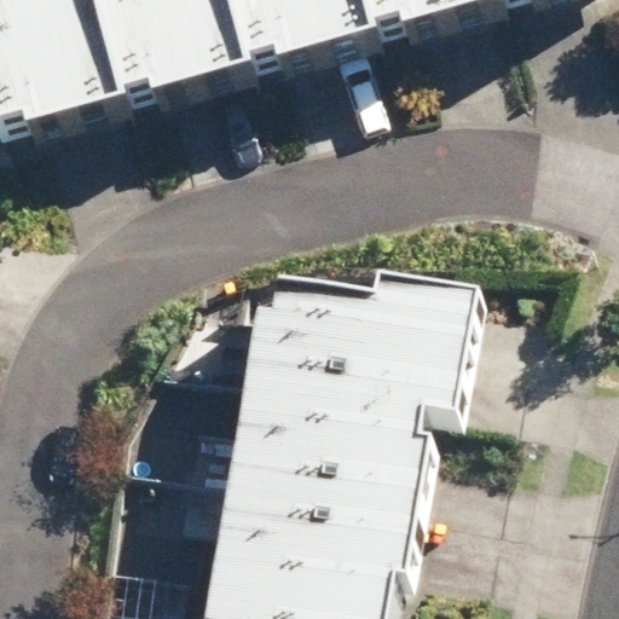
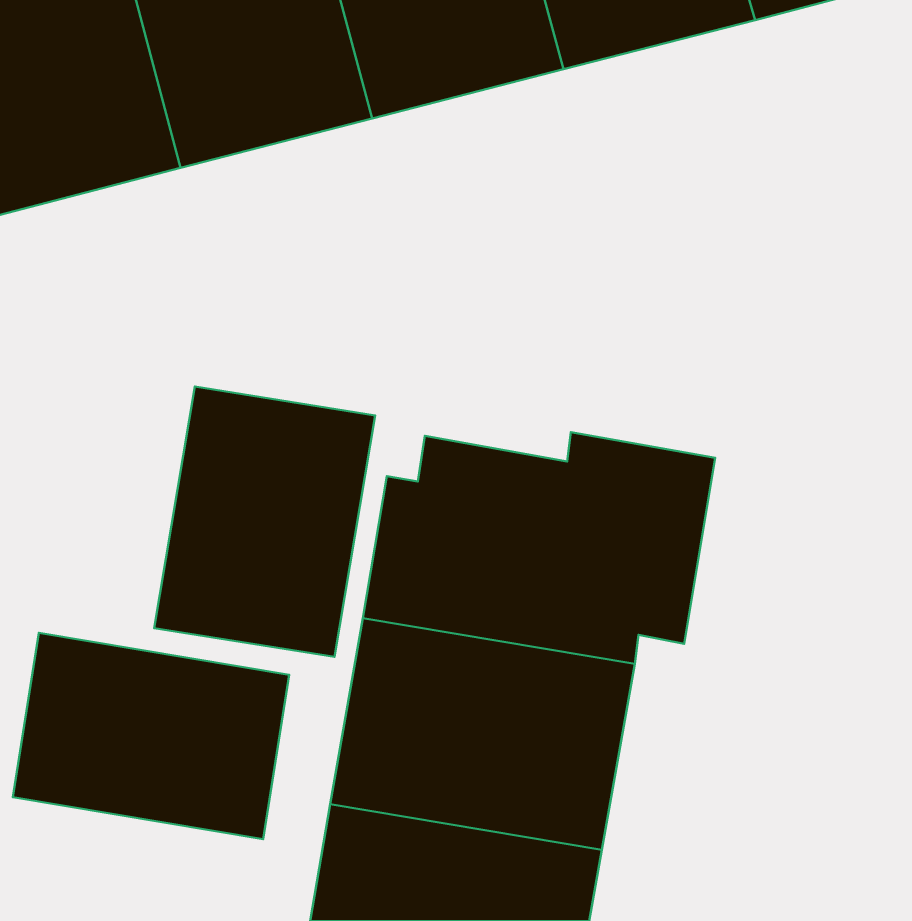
building: none -> [154,387,375,657]
building: none -> [13,633,289,839]

